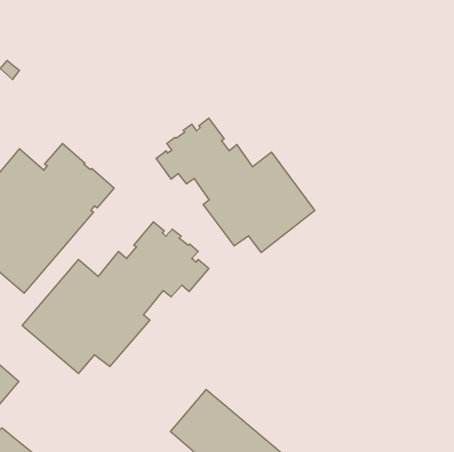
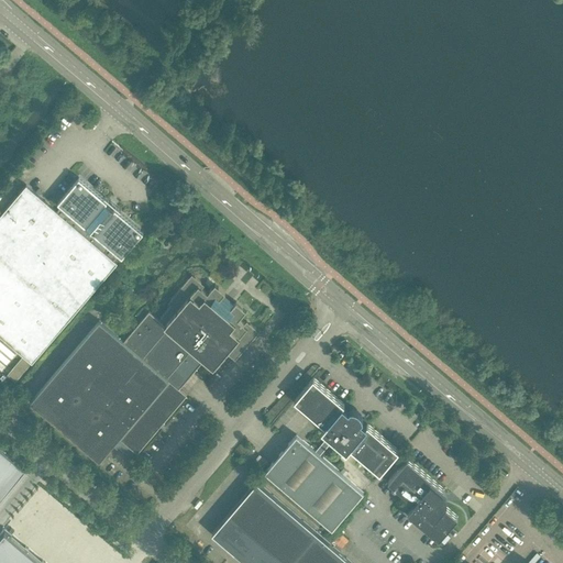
building: [156,118,315,252] -> none
building: none -> [263,382,455,543]

